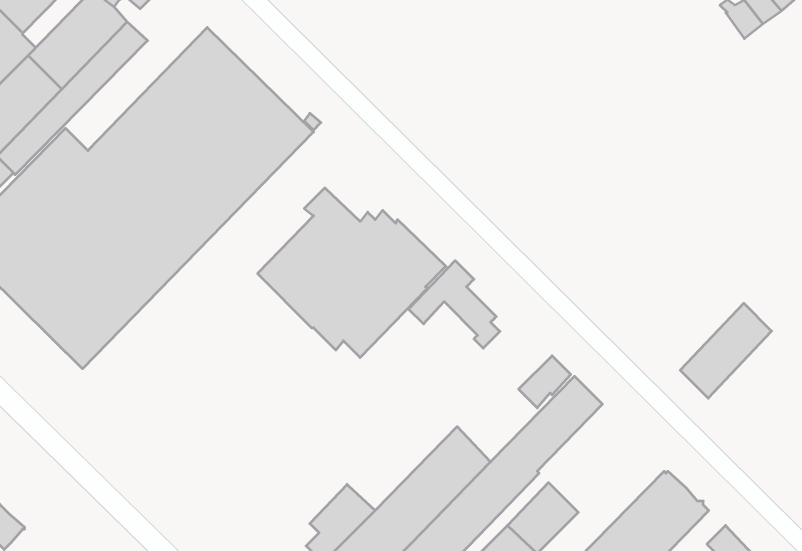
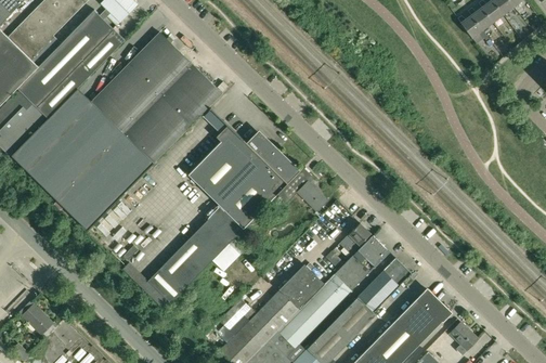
building: [680,303,772,398] -> [358,257,411,312]
building: none -> [148,206,248,302]

